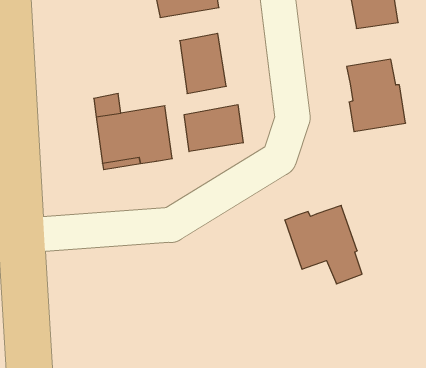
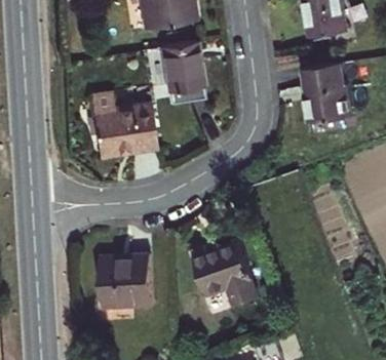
building: [184,105,243,152] -> none
building: [285,205,362,284] -> [192,242,257,308]
building: none -> [101,257,152,309]

